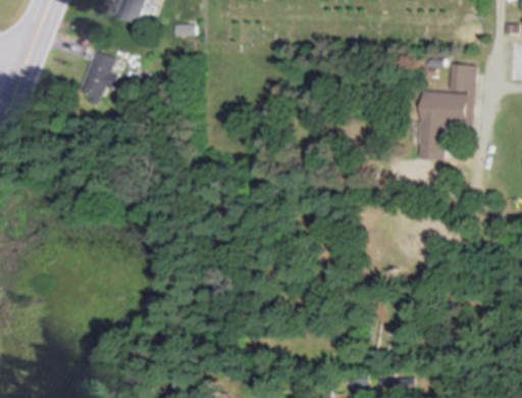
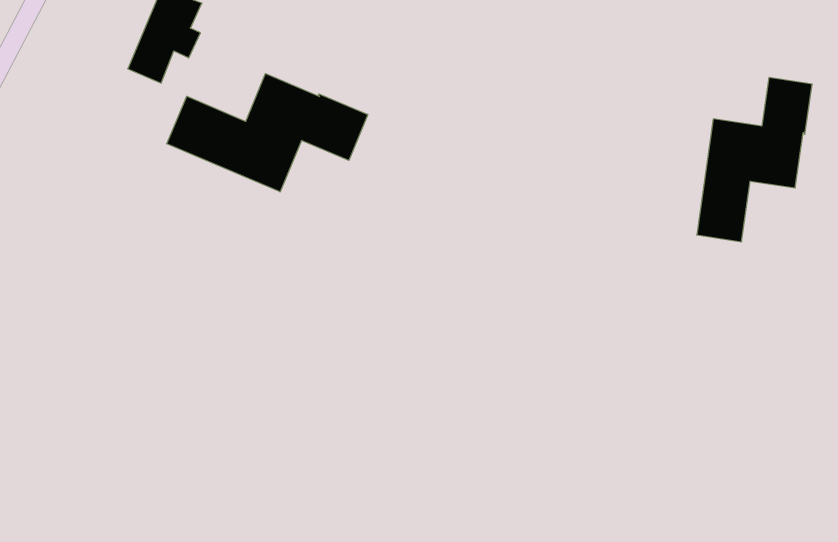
building: none -> [167,74,368,192]

